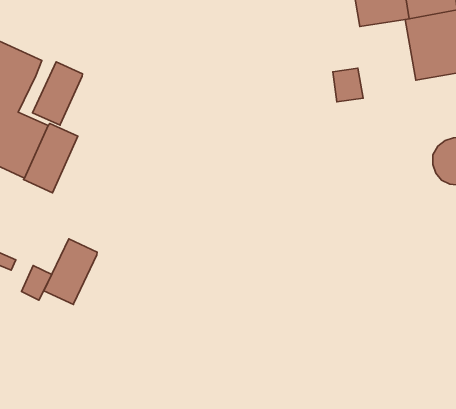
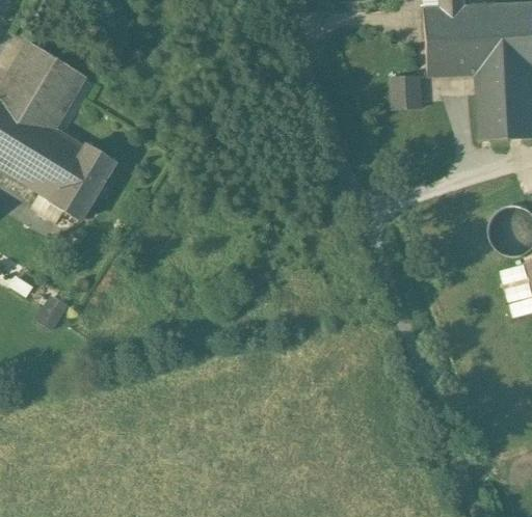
building: [33,62,82,125] -> none
building: [333,68,363,102] -> [391,75,420,108]
building: [44,239,97,305] -> none

